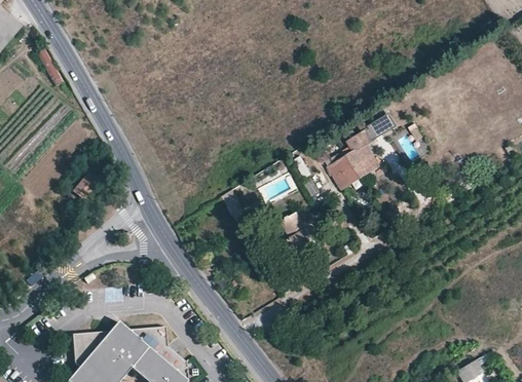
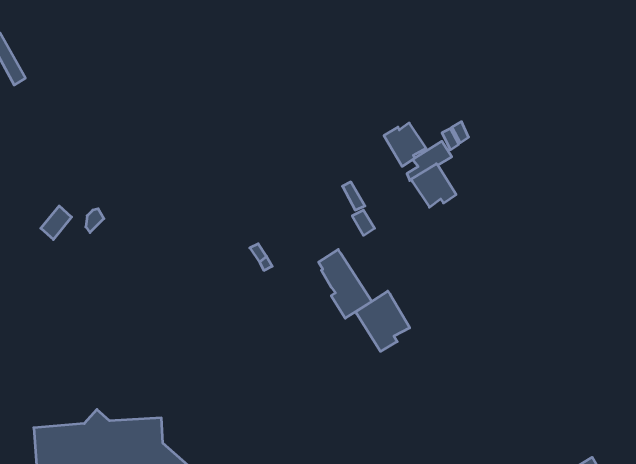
building: [330,156,361,188] -> [384,123,426,166]
building: none -> [356,291,410,351]

